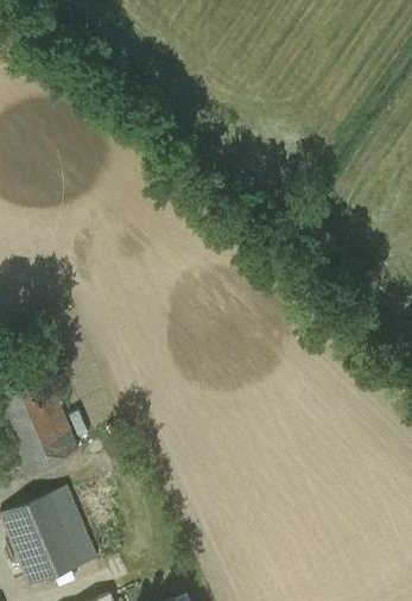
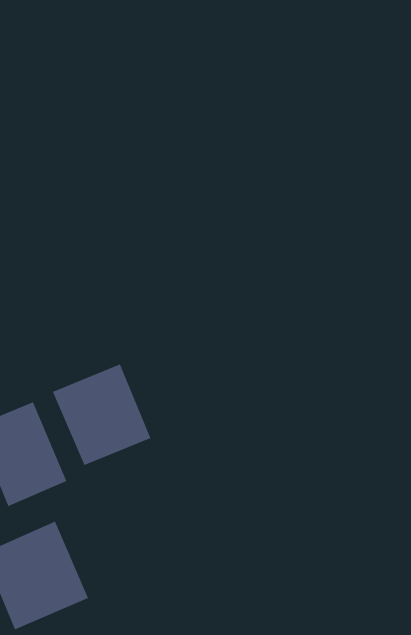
building: none -> [52,363,151,466]

